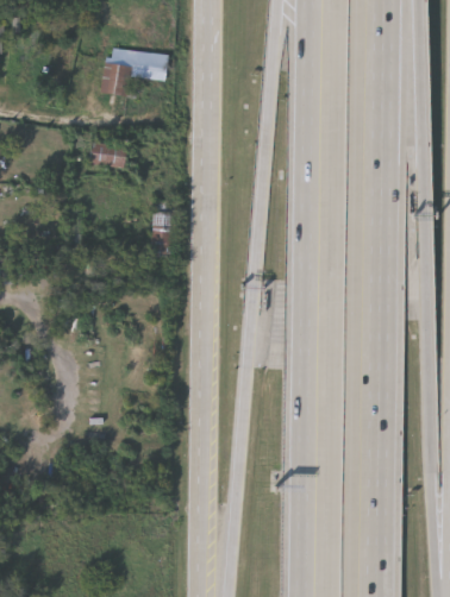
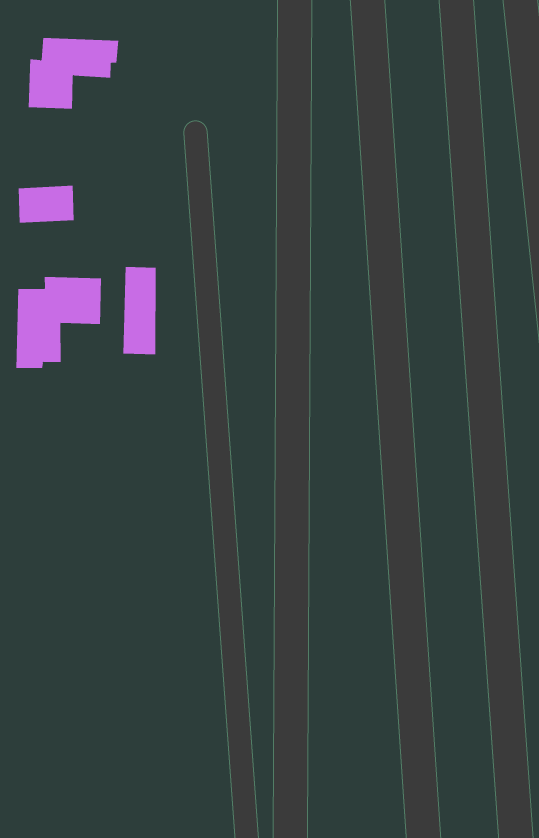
building: none -> [16,276,102,369]

